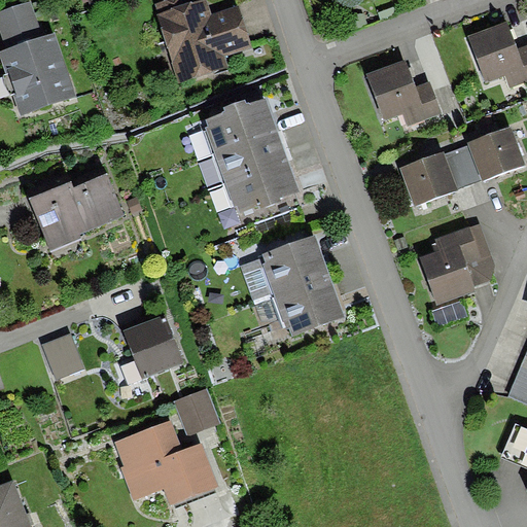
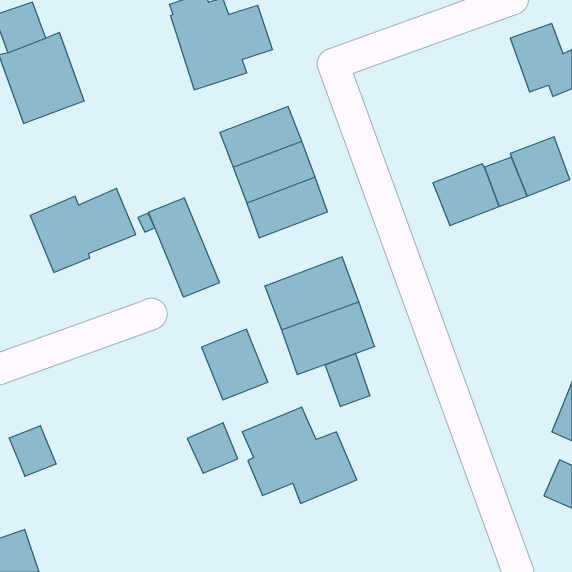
building: [364,59,443,128] -> none
building: none -> [148,198,219,297]
building: [423,223,496,304] -> none
building: [122,314,183,379] -> [202,329,268,400]
building: none -> [325,353,370,407]
building: [41,332,84,379] -> [9,426,56,476]
building: [114,418,219,506] -> [242,407,357,503]

